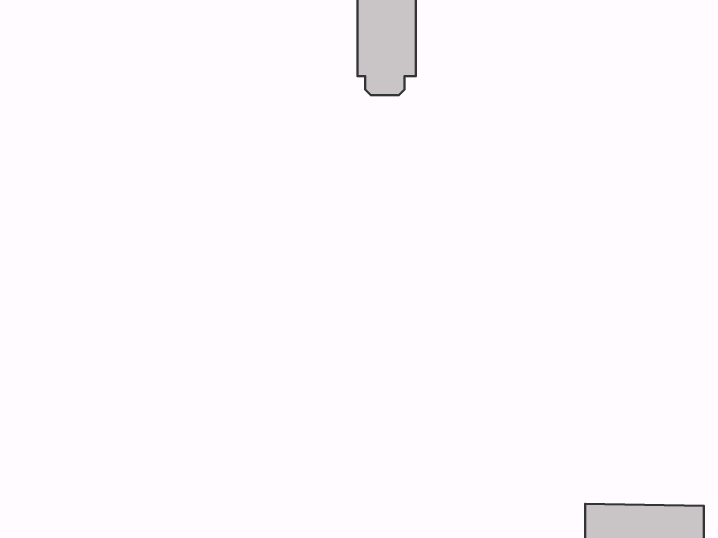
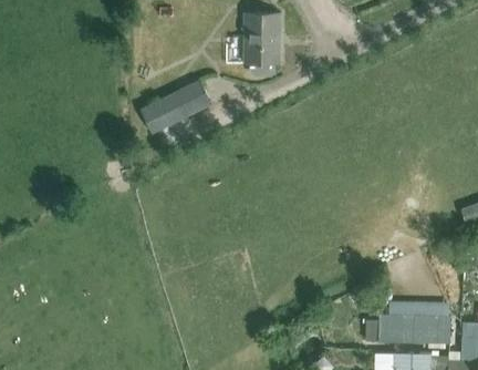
building: none -> [143,88,209,133]

